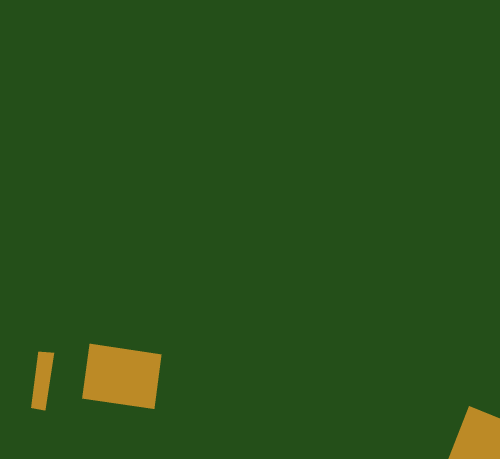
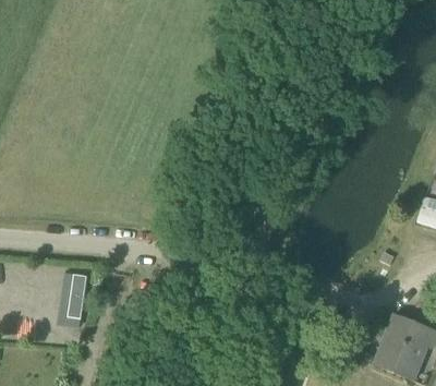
building: [82,343,162,410] -> none

